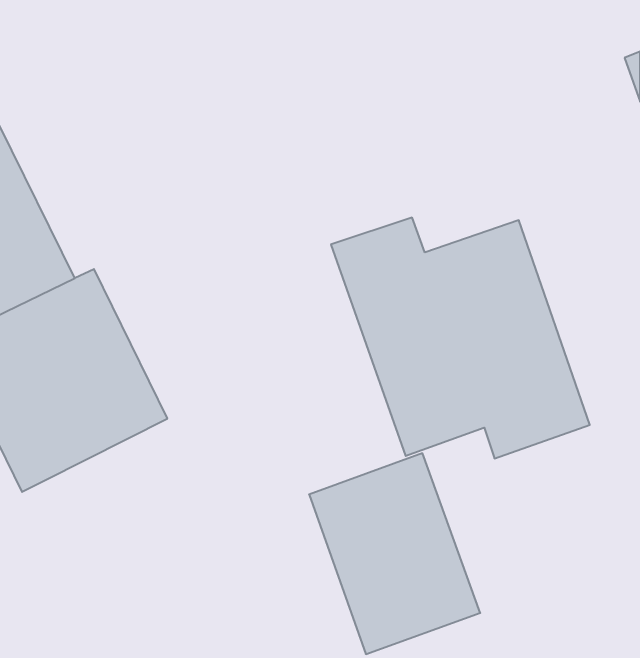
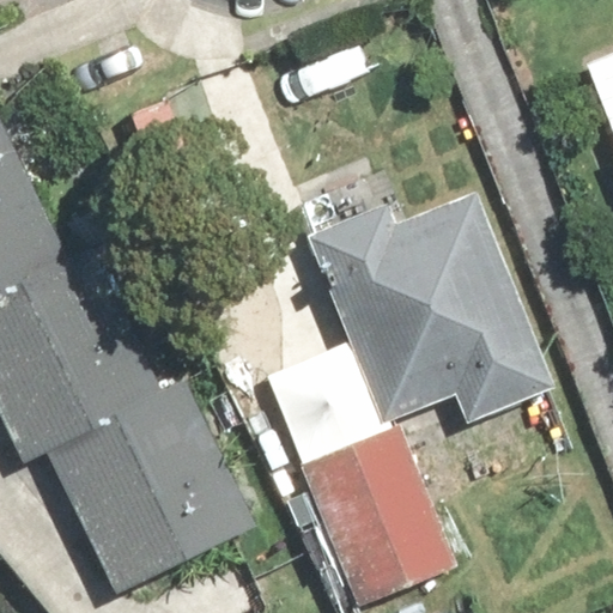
building: none -> [42,374,260,593]

